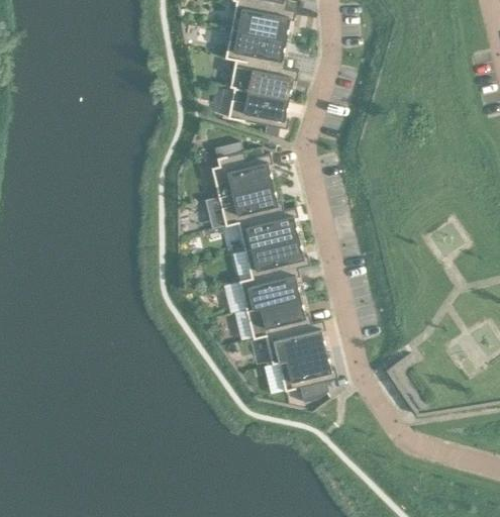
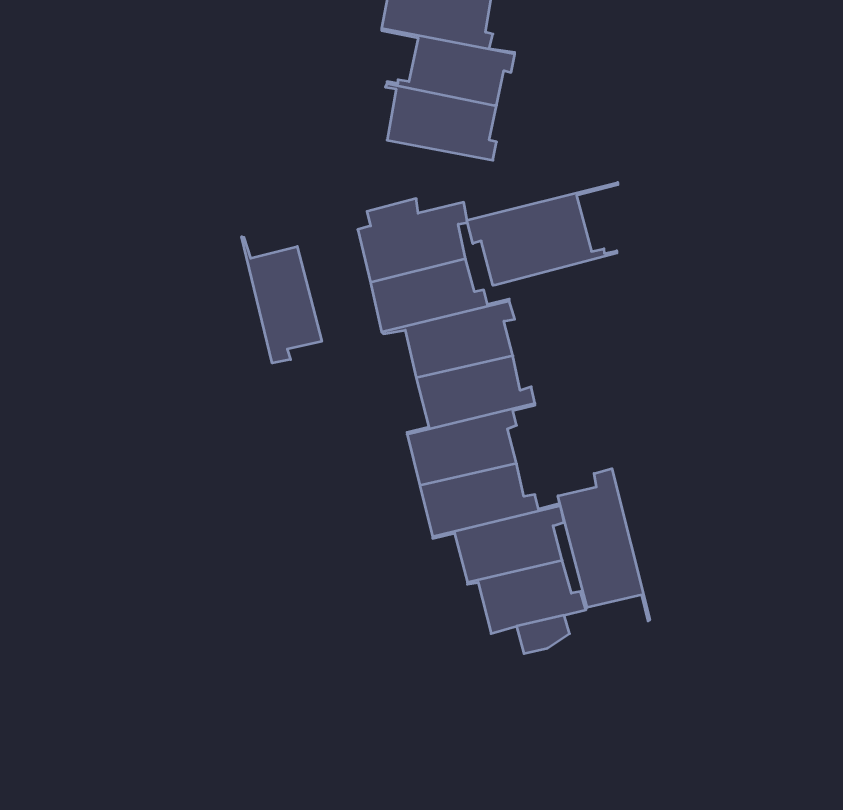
building: none -> [467,182,618,285]
building: none -> [242,237,322,363]
building: none -> [558,469,650,621]

